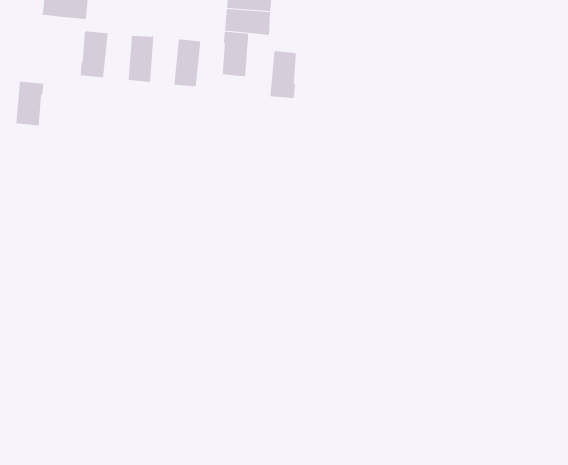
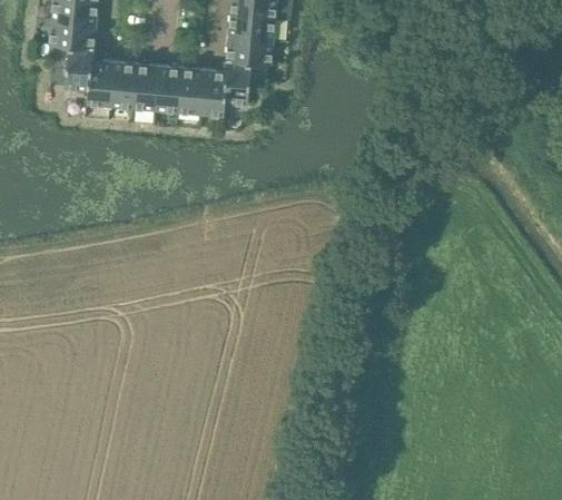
building: none -> [108,60,135,106]
building: none -> [154,63,180,110]
building: [269,51,297,99] -> [198,68,225,115]
building: [16,81,44,126] -> [63,45,91,88]

